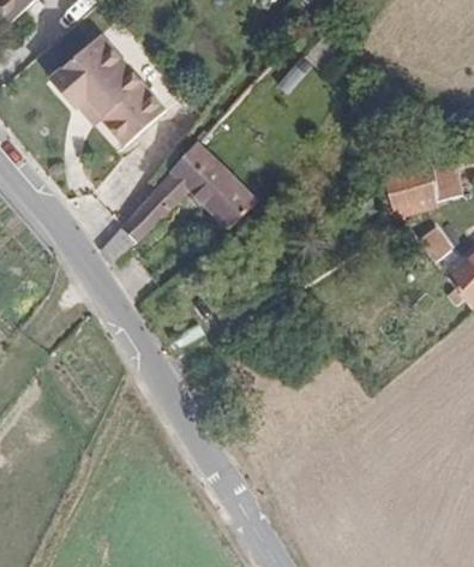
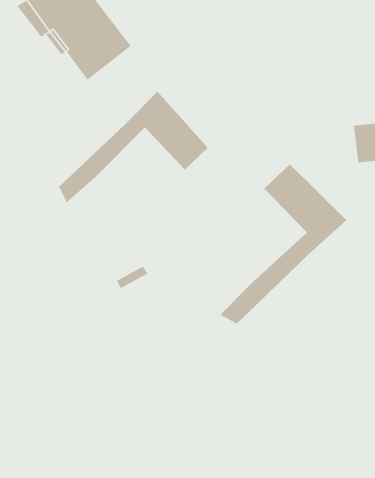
building: none -> [220,164,347,324]

